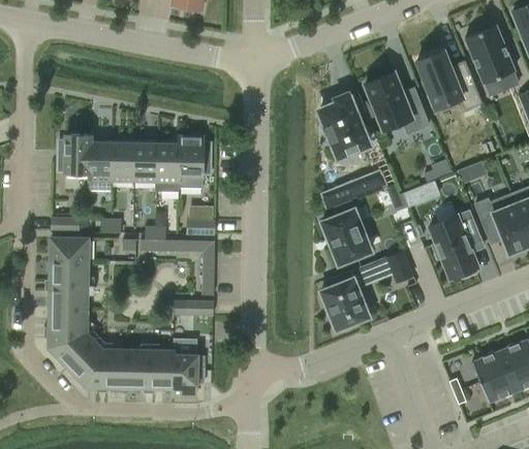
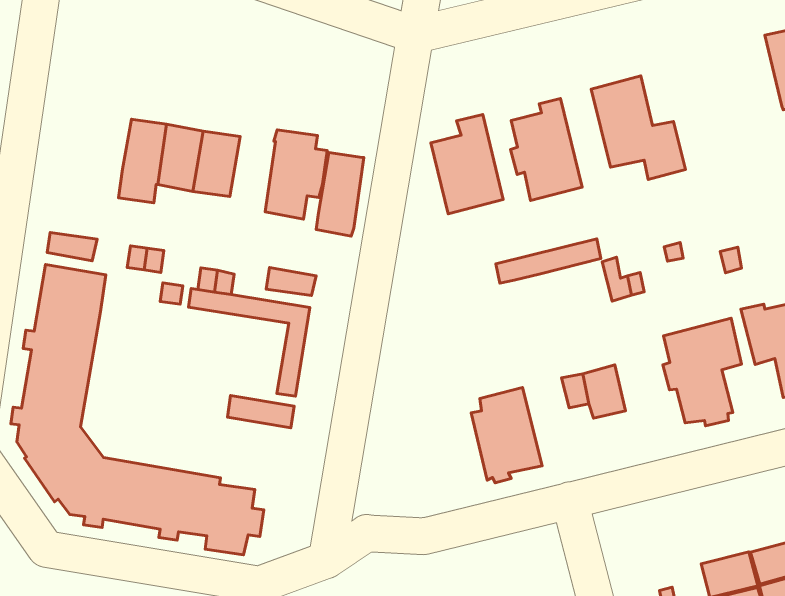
building: [417,51,481,108] -> none
building: [59,134,91,173] -> none
building: [157,143,180,192] -> [316,153,364,236]
building: [322,200,371,263] -> [431,114,503,214]

